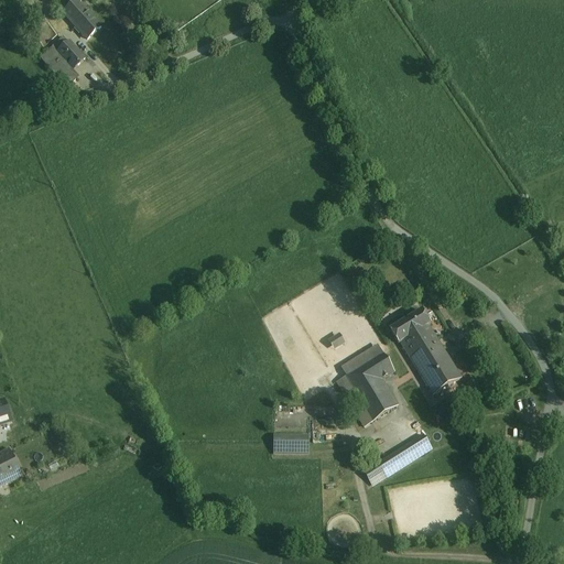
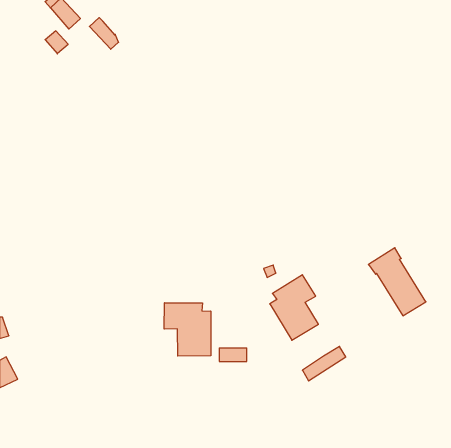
building: [40,45,76,85] -> [89,18,119,49]
building: [389,307,460,392] -> [368,248,426,316]
building: none -> [164,303,211,356]

